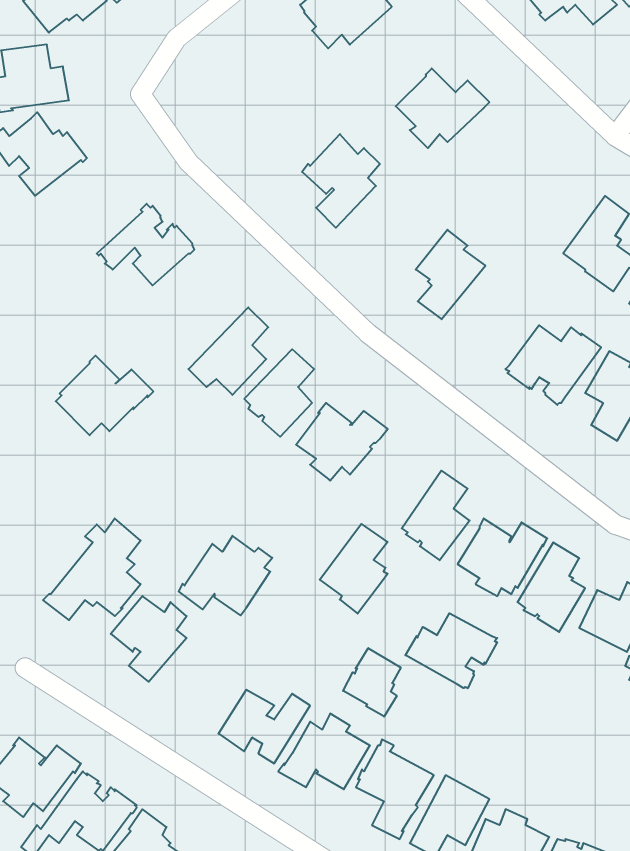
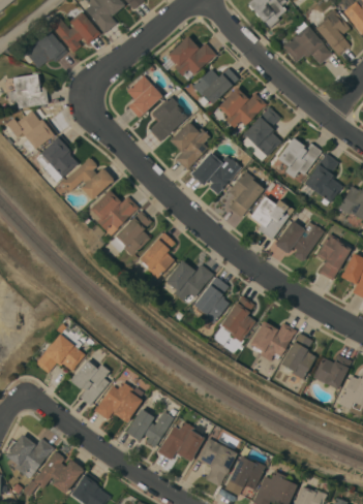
building: none -> [193,67,239,106]
building: none -> [127,75,162,118]
building: none -> [150,95,187,141]
building: none -> [242,106,282,161]
building: none -> [36,134,79,183]
building: none -> [278,137,322,178]
building: none -> [191,152,242,194]
building: none -> [251,196,294,240]
building: [56,356,153,435] -> [89,189,140,230]
building: [320,524,388,614] -> [194,277,230,323]
building: [179,536,272,615] -> [95,381,144,422]
building: [405,613,497,688] -> none
building: [343,648,401,717] -> none

